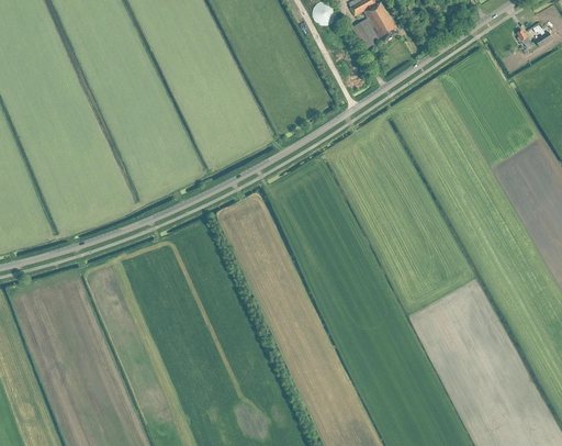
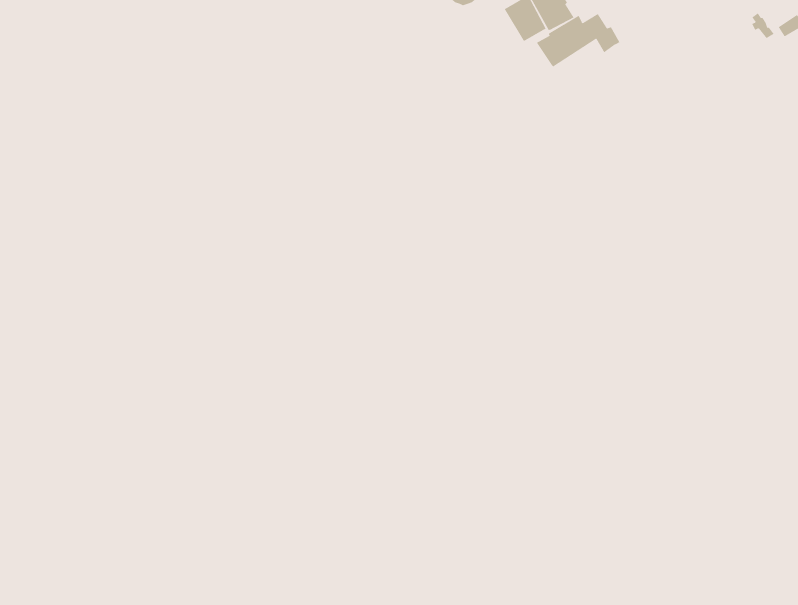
building: none -> [536,13,620,67]

